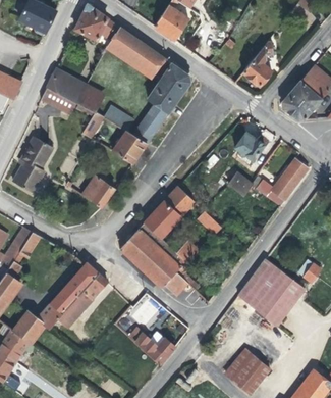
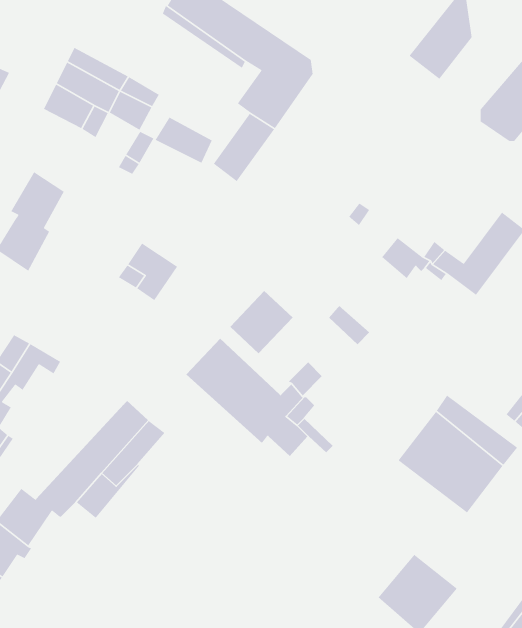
building: [111,131,147,163] -> none
building: [236,131,264,160] -> none
building: [162,186,194,217] -> none
building: [130,292,166,328] -> none
building: [126,326,174,365] -> none

